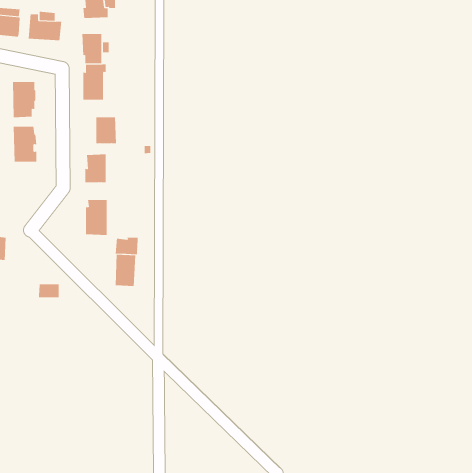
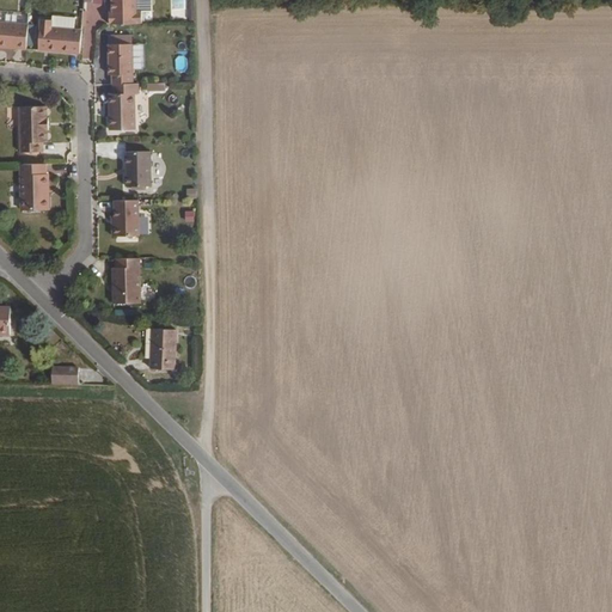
building: [115,237,138,255] -> none

